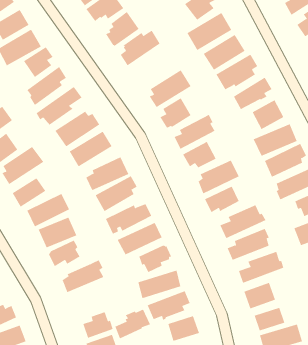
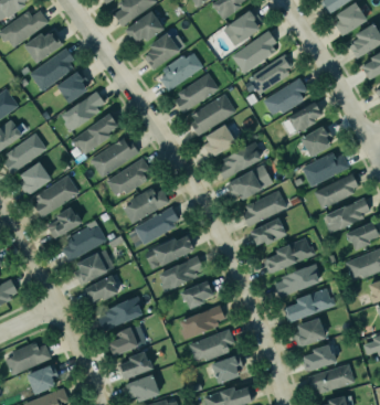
building: none -> [175,73,219,113]
building: [114,309,151,339] -> [108,324,147,356]

